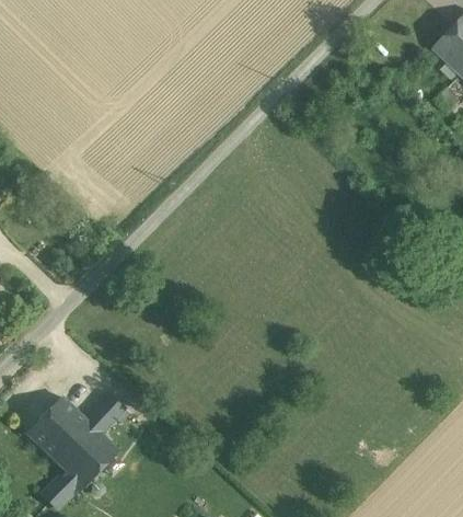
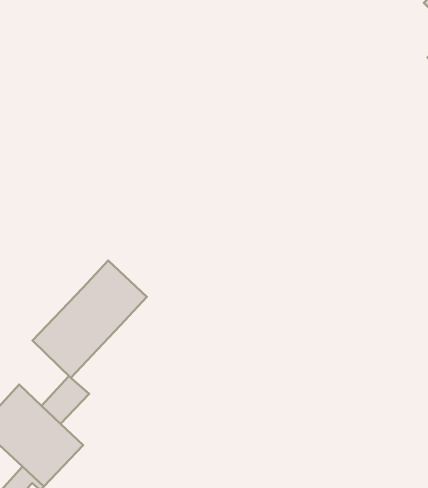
building: none -> [33,261,147,378]

